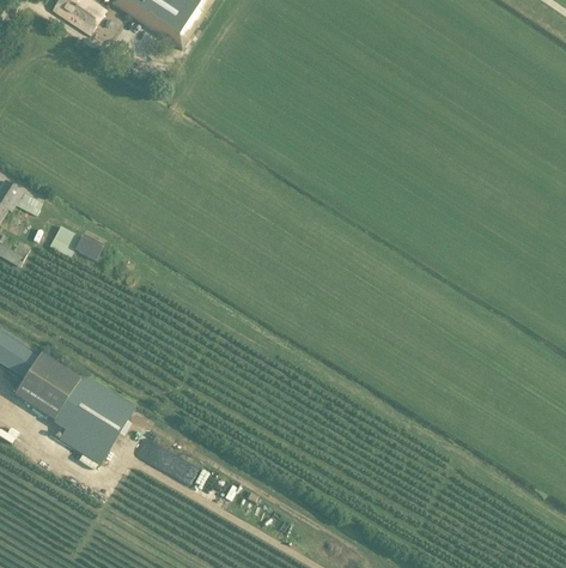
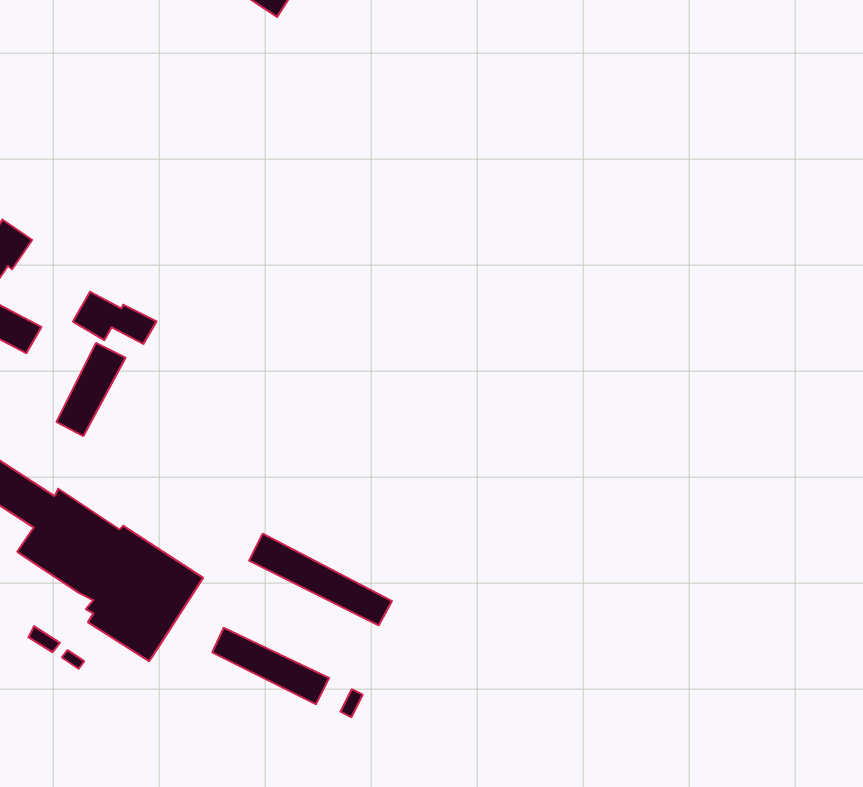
building: none -> [57,343,125,436]
building: none -> [249,534,392,625]

